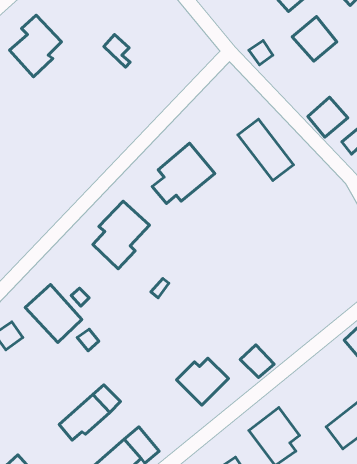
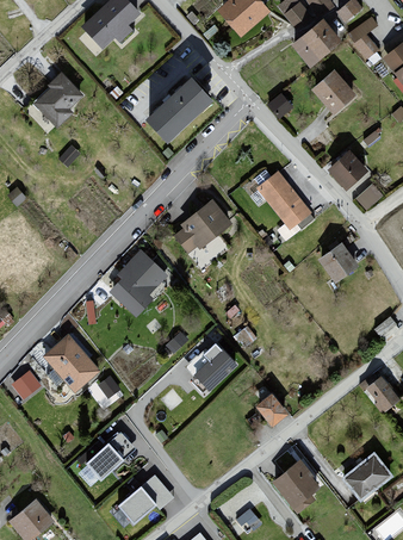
building: none -> [151,82,215,144]
building: none -> [317,244,355,283]
building: [176,358,228,405] -> [188,346,240,392]

